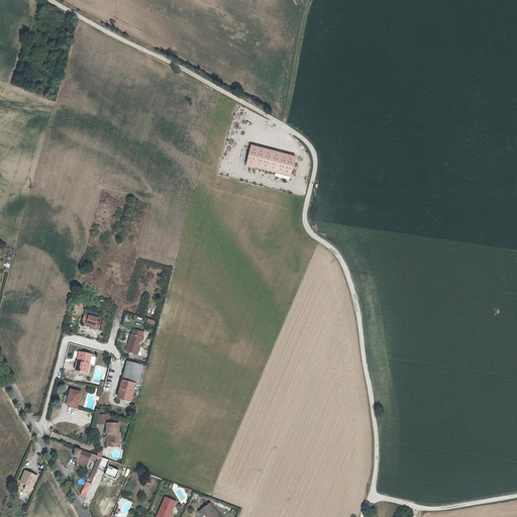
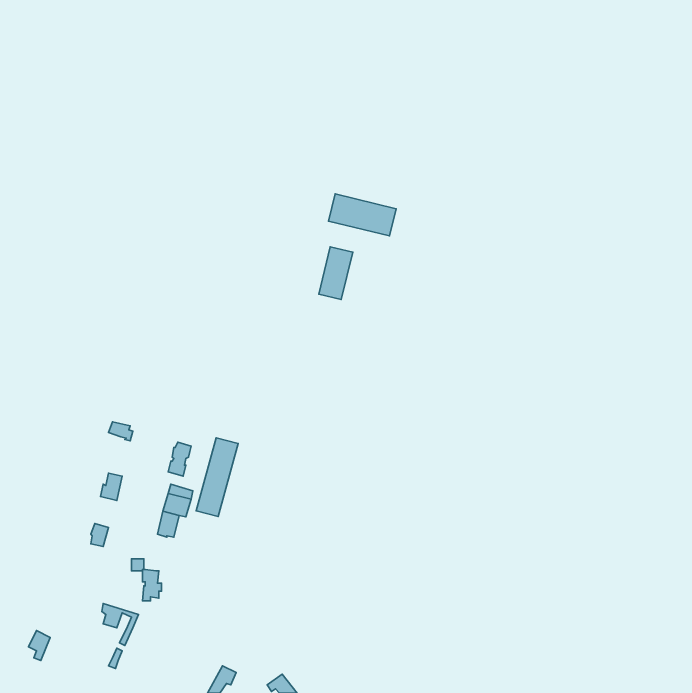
building: none -> [319,247,353,299]
building: none -> [196,438,238,516]

